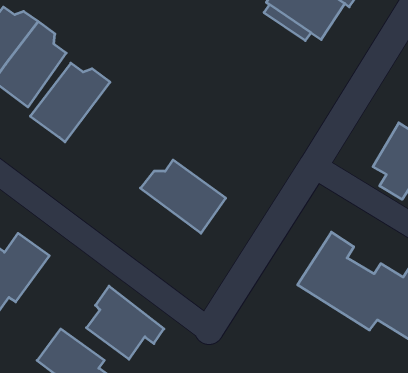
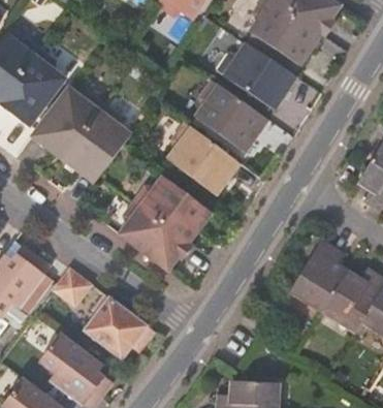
building: none -> [218,42,297,108]
building: none -> [196,80,268,152]
building: none -> [65,104,132,182]
building: none -> [168,121,242,194]
building: none -> [121,201,194,270]
building: none -> [53,265,92,306]

